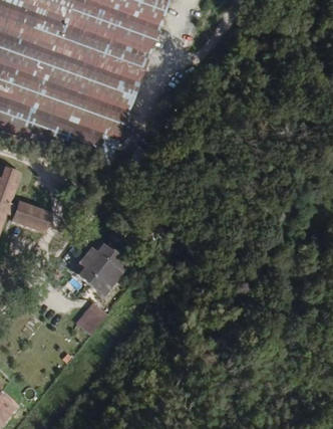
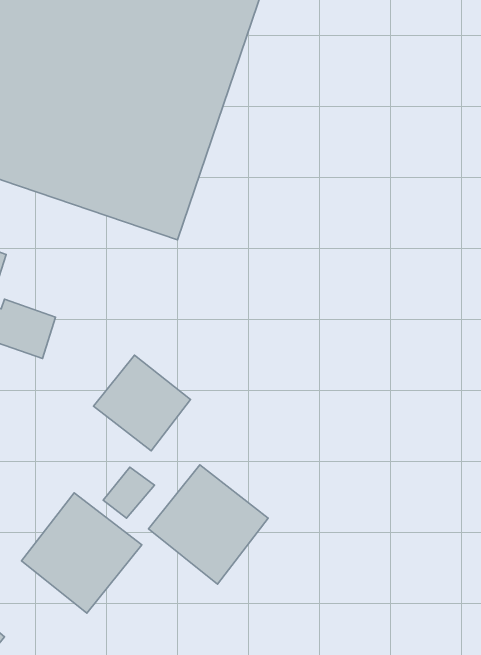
building: none -> [149,465,268,584]
building: none -> [21,493,142,613]

